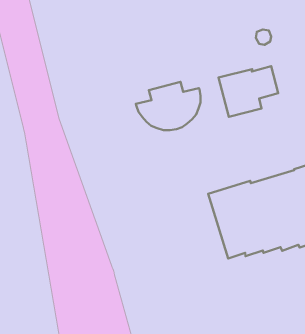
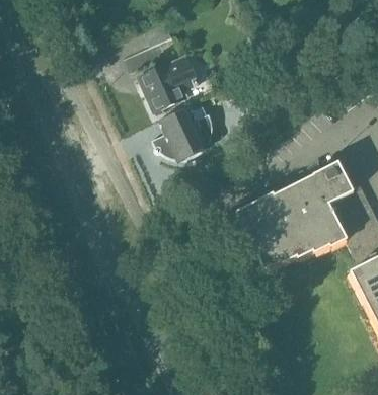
building: [219,66,278,117] -> [140,55,199,109]

